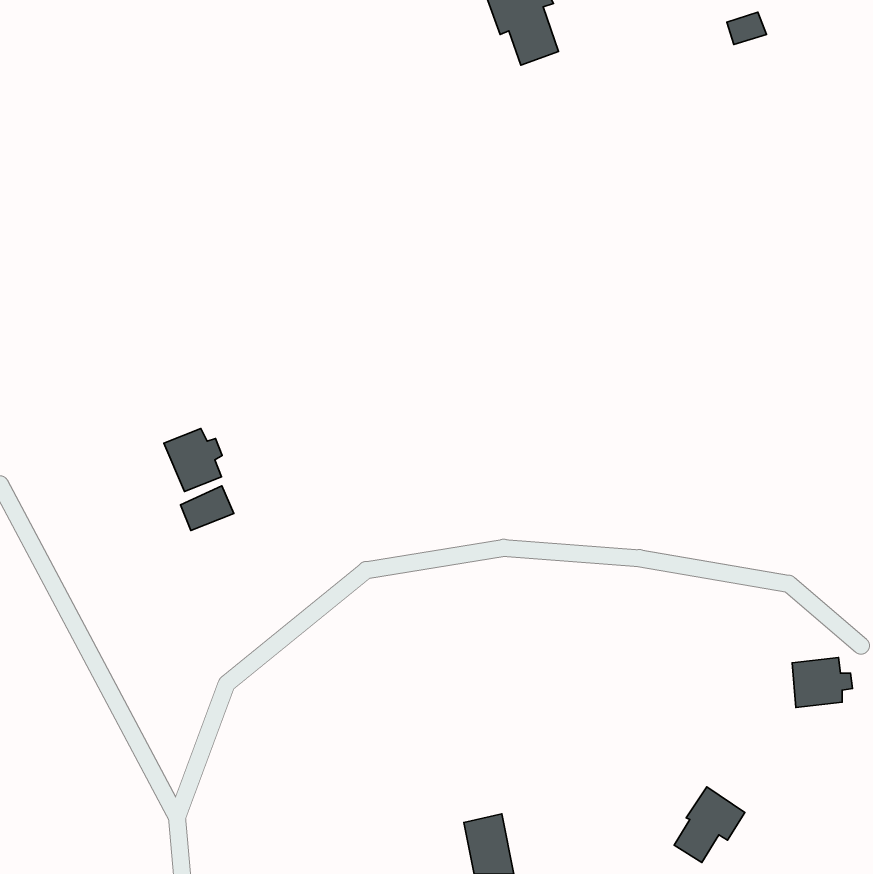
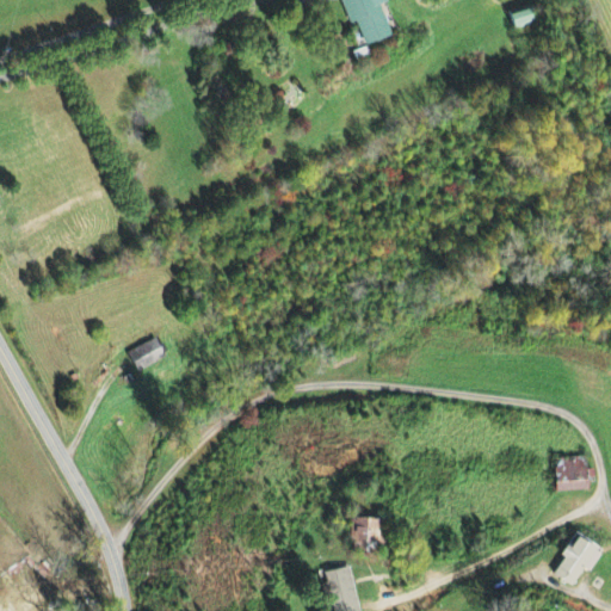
building: [164,428,222,492] -> none
building: none -> [350,516,378,550]
building: [674,787,745,862] -> [554,533,603,586]

